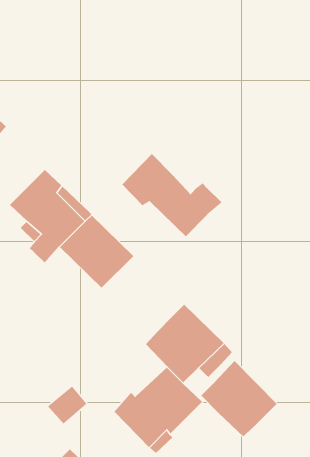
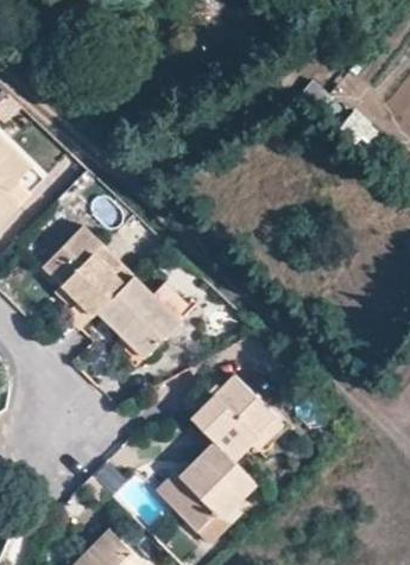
building: [121,153,223,237] -> none
building: [200,360,277,437] -> none

